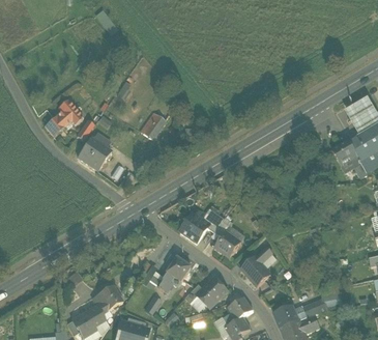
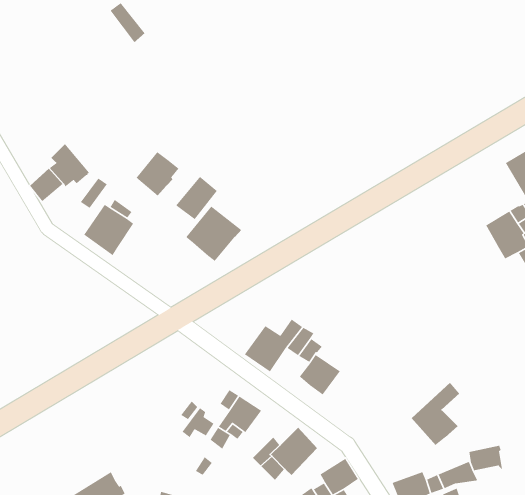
building: none -> [135,151,179,197]
building: none -> [185,206,242,262]
building: [241,246,272,286] -> [411,382,460,446]
building: [92,285,122,311] -> none

